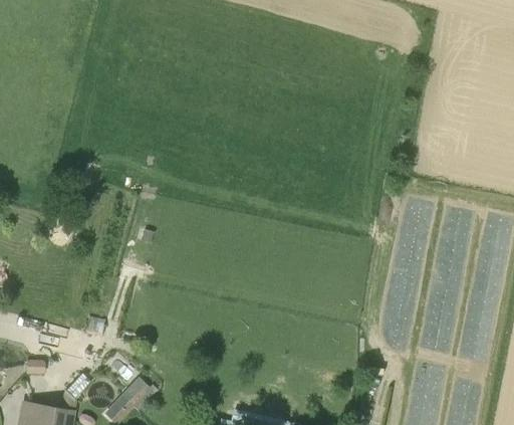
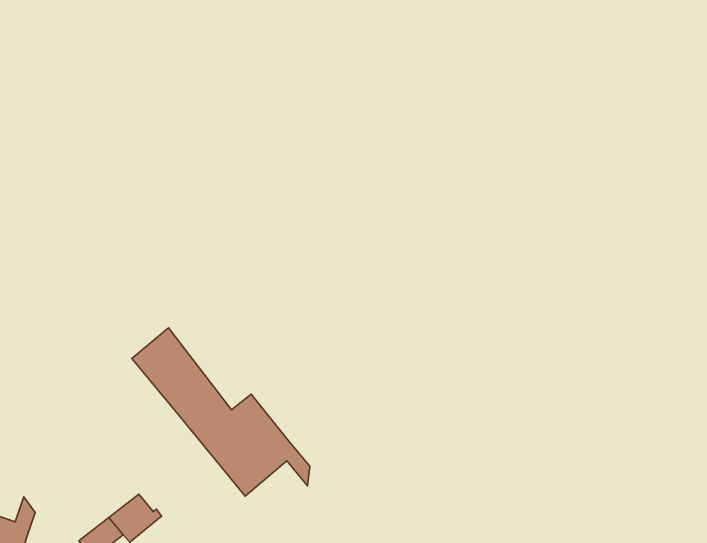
building: none -> [132,328,310,496]

